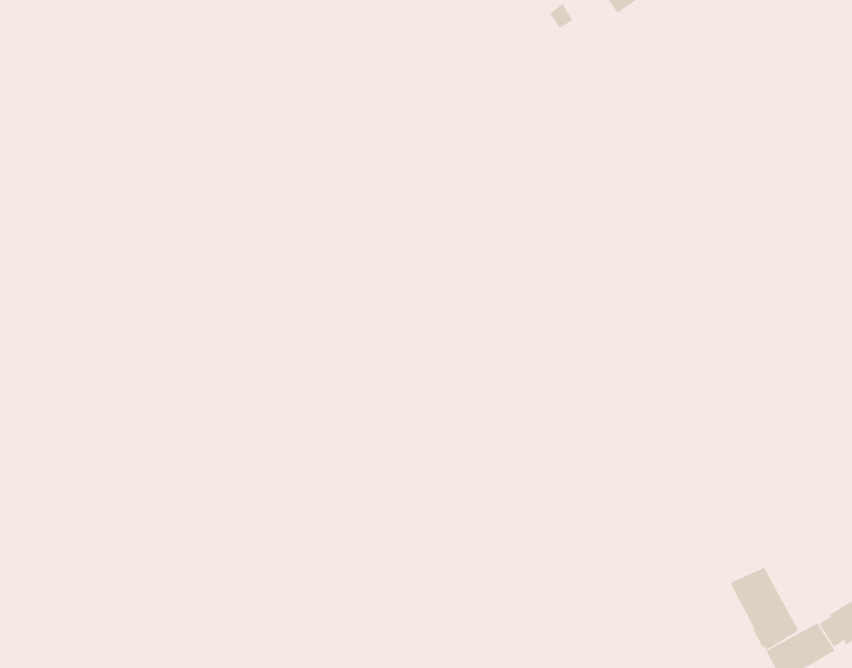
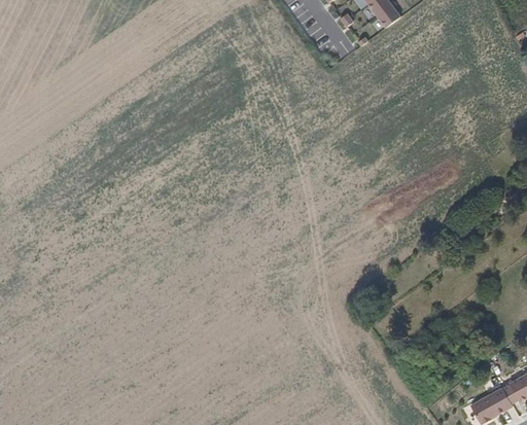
building: [730,566,799,651] -> none

